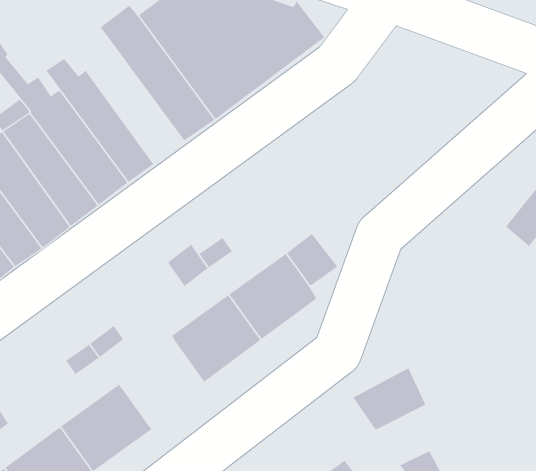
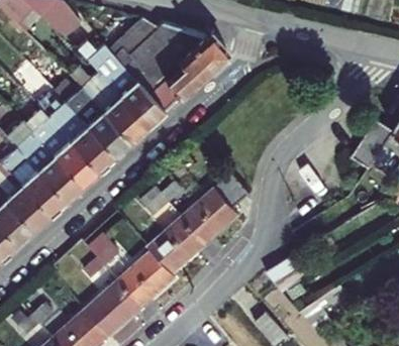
building: none -> [80,71,145,140]
building: none -> [120,250,176,306]

